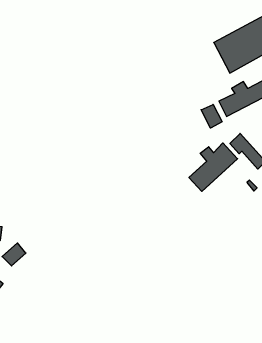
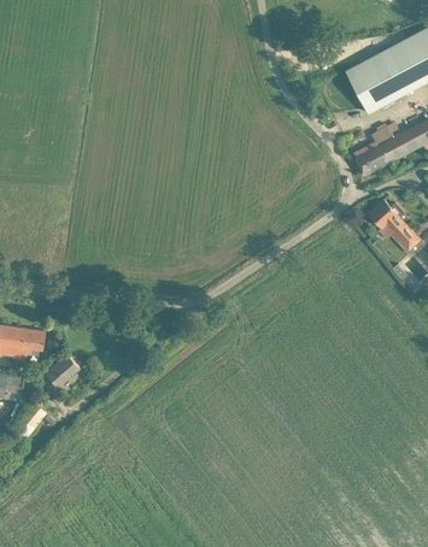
building: [201,104,222,128] -> none
building: [189,143,238,191] -> none

